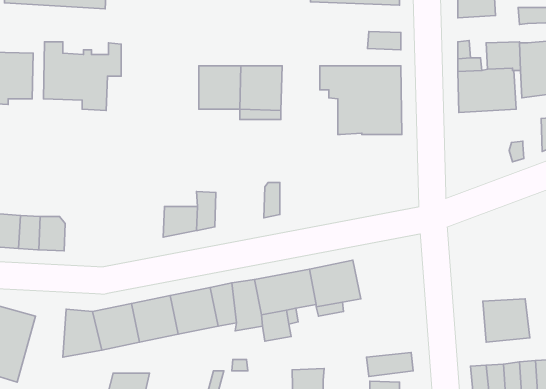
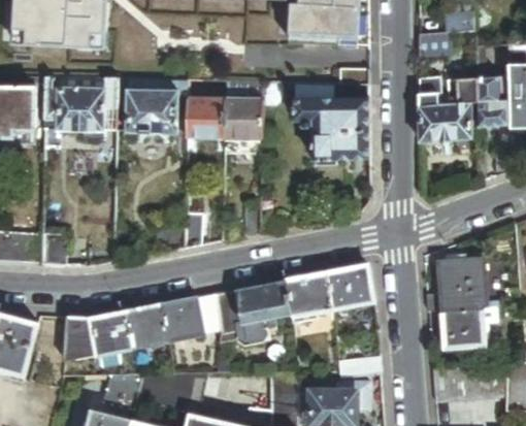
building: none -> [116,78,187,130]
building: none -> [439,259,486,310]
building: none -> [325,265,372,308]

